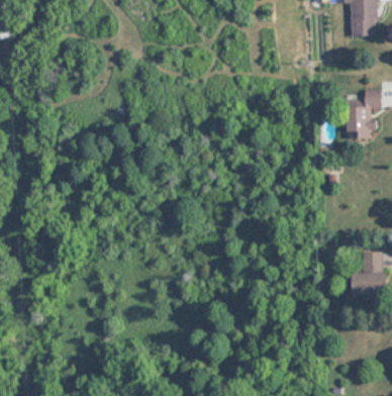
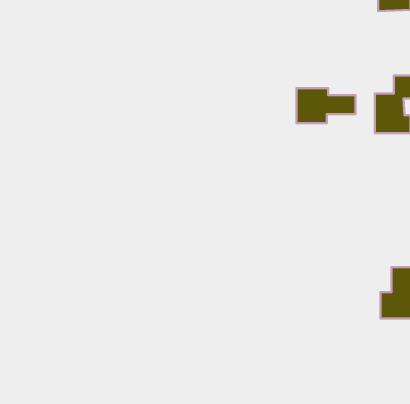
building: none -> [296,88,356,123]

